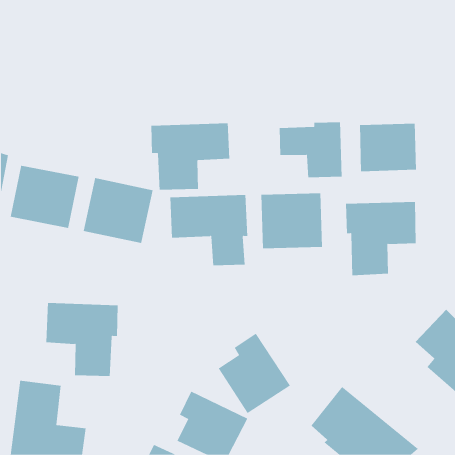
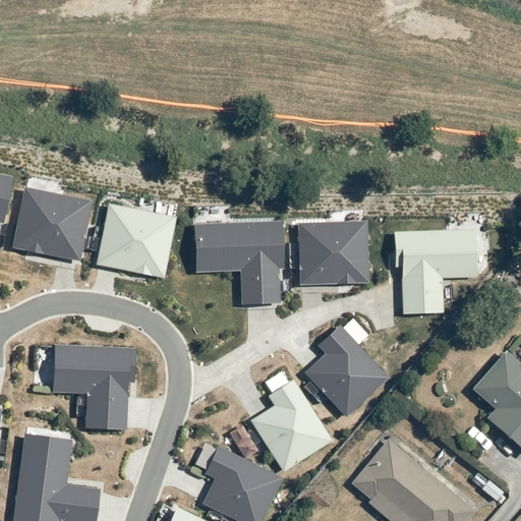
building: [279,121,342,178] -> none
building: [151,122,230,191] -> none
building: [359,123,416,172] -> none
building: none -> [304,326,390,417]

